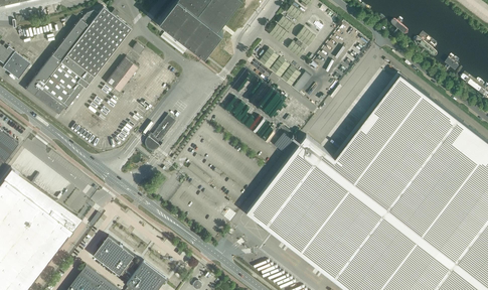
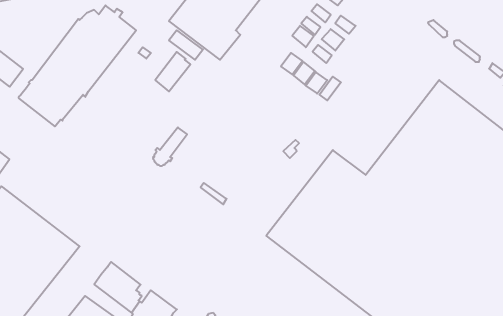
building: [106,58,137,94] -> [155,52,190,91]

